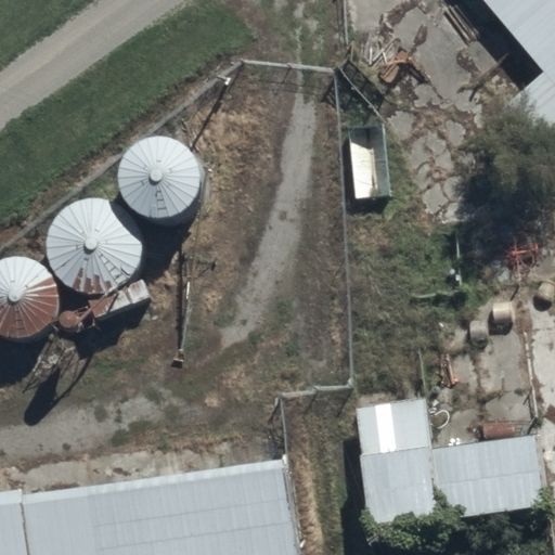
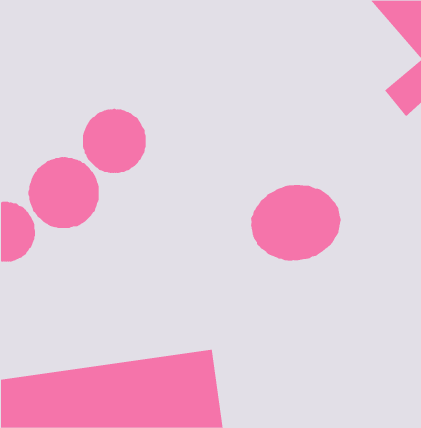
building: none -> [251,184,341,261]
building: [349,399,550,534] -> none

